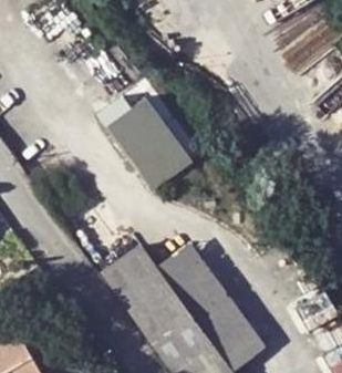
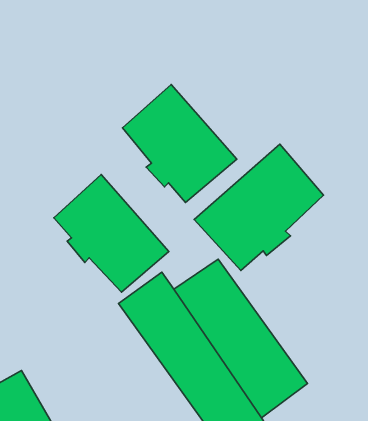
building: none -> [194,144,324,271]
building: none -> [54,174,169,292]

